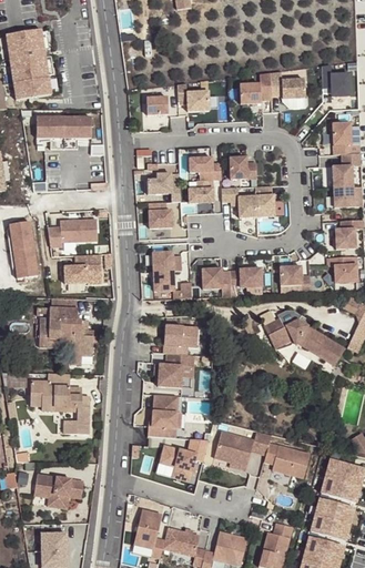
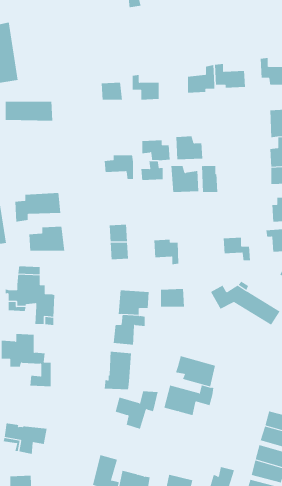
building: [150,202,173,229] -> none
building: [236,265,264,286] -> [160,288,185,307]
building: [264,443,310,478] -> [175,355,216,387]

